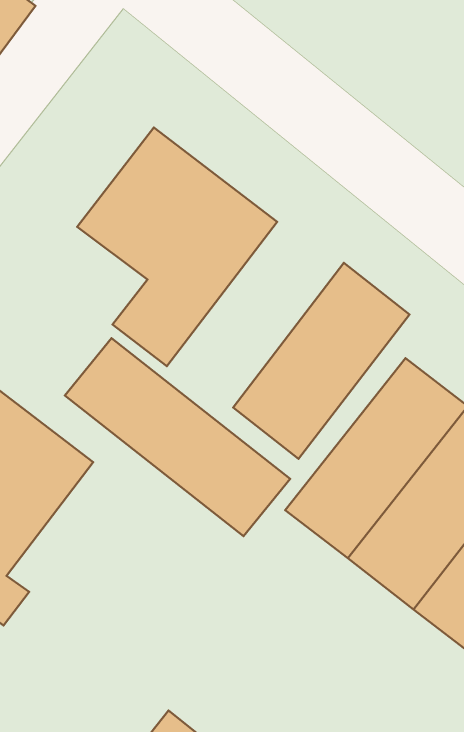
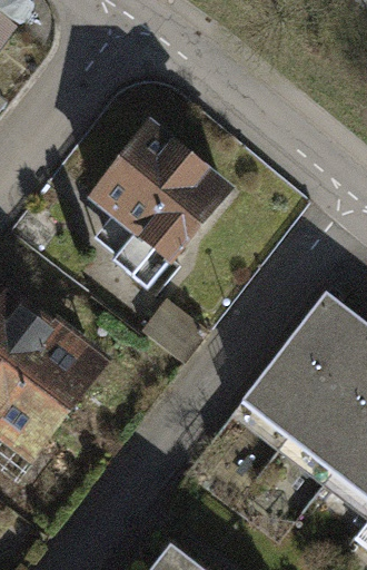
building: [233,263,409,459] -> none
building: [65,338,290,536] -> none

